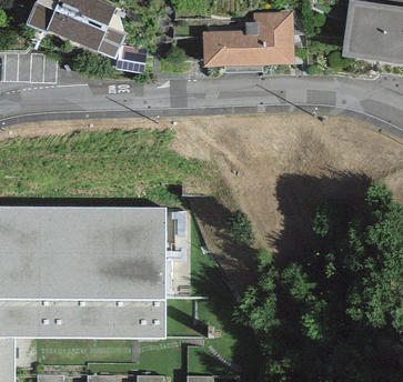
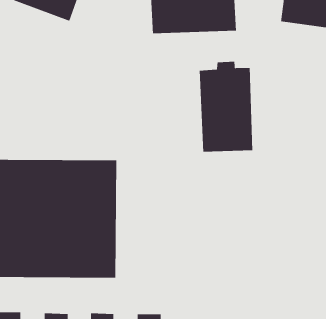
building: none -> [199,61,253,153]

